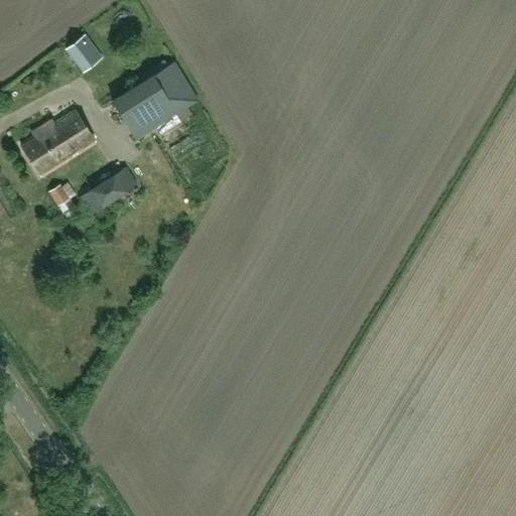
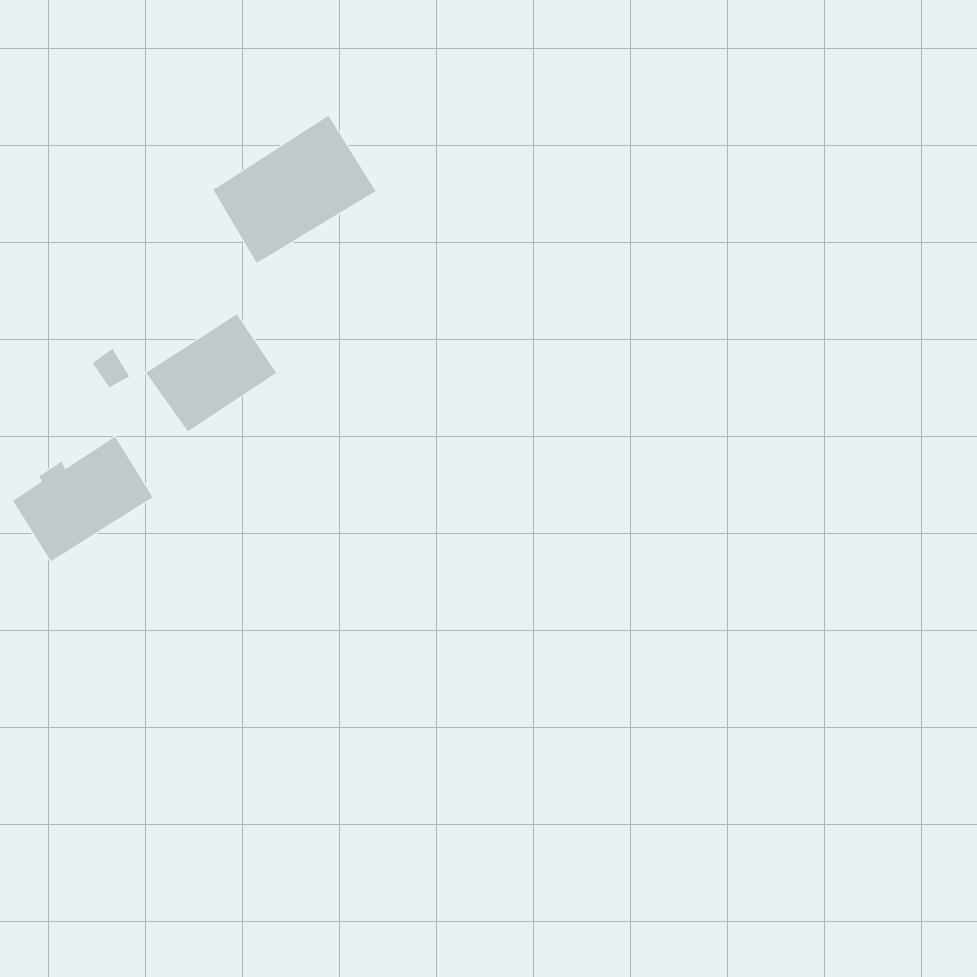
building: [64,33,102,72] -> none
building: [20,110,95,176] -> [12,436,154,562]

